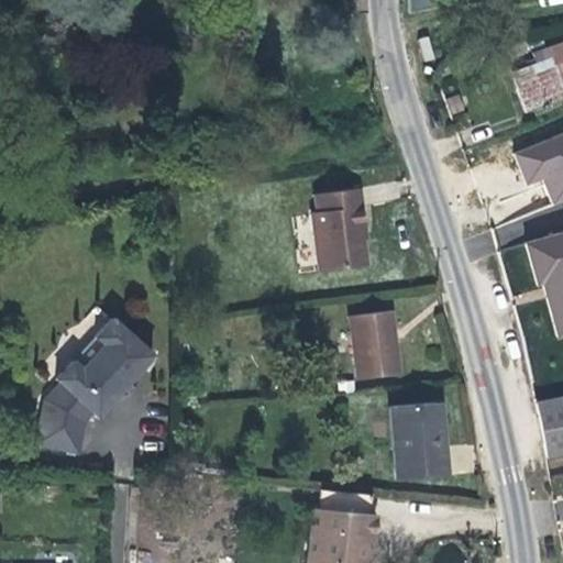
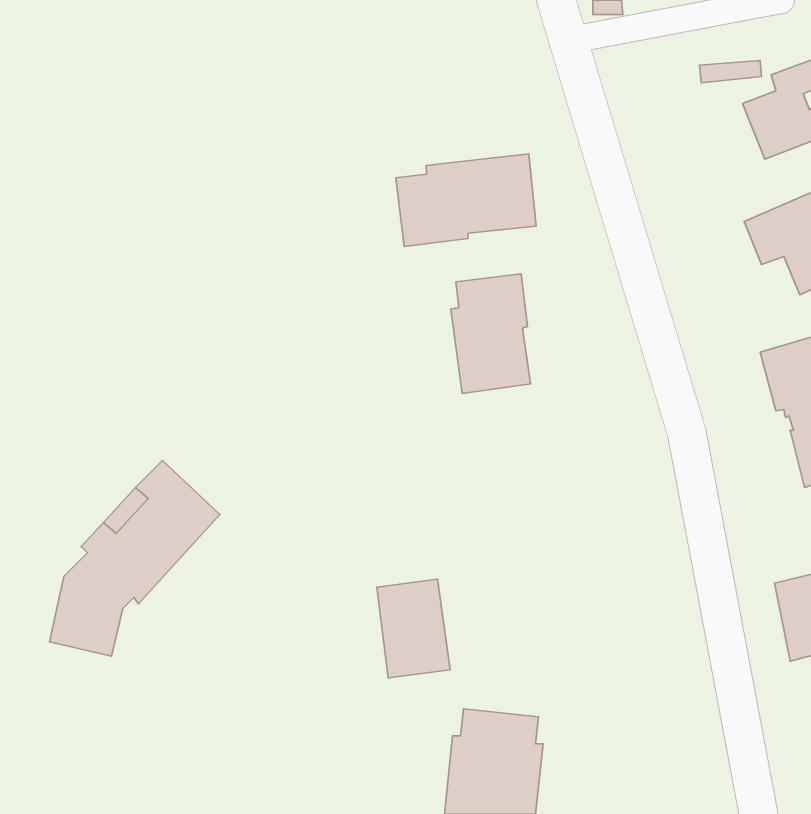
building: none -> [396,154,536,246]
building: [351,310,401,378] -> [377,579,450,678]
building: [390,400,449,481] -> none

